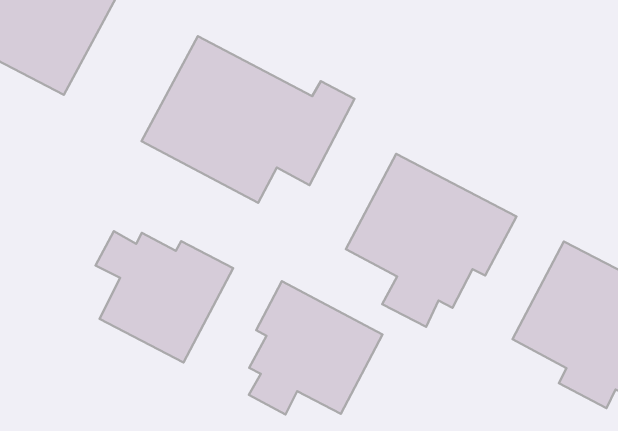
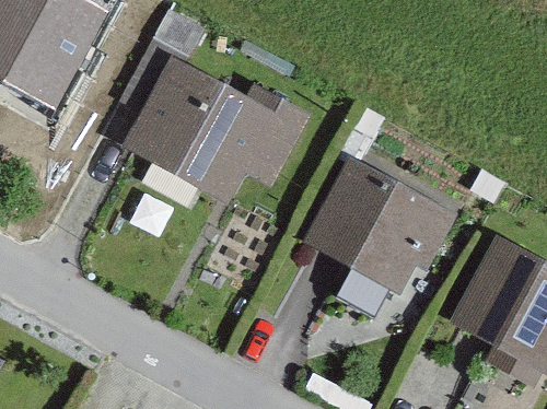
building: [96,231,233,363] -> none
building: [249,281,382,415] -> none

